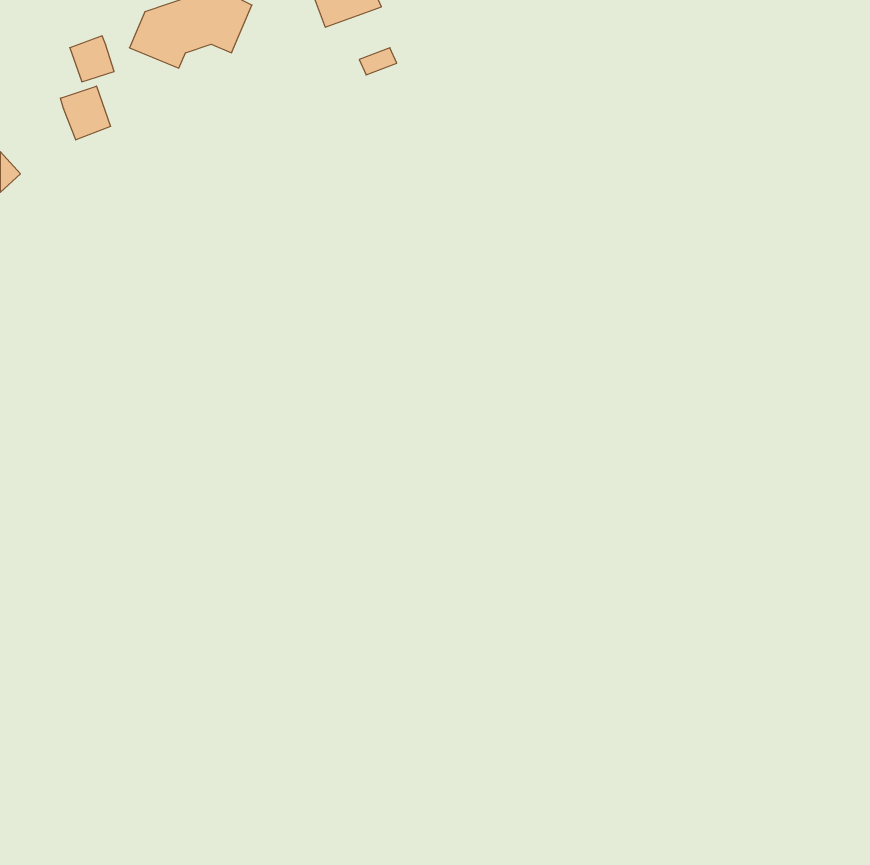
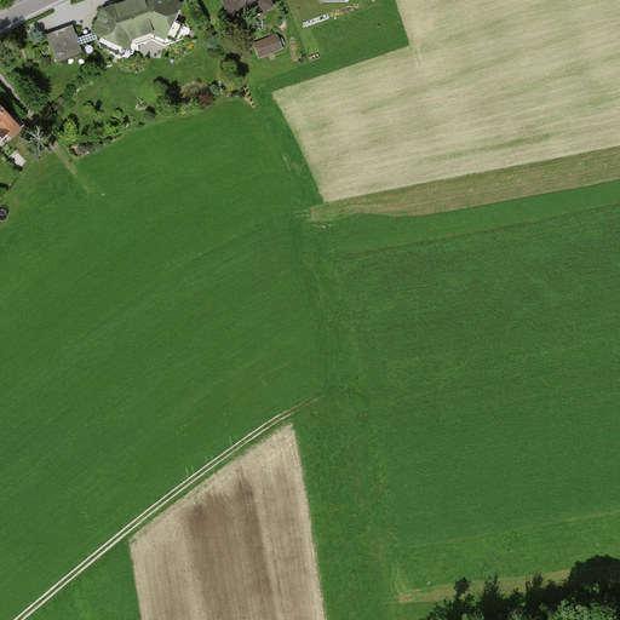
building: [60,86,110,140] -> none

